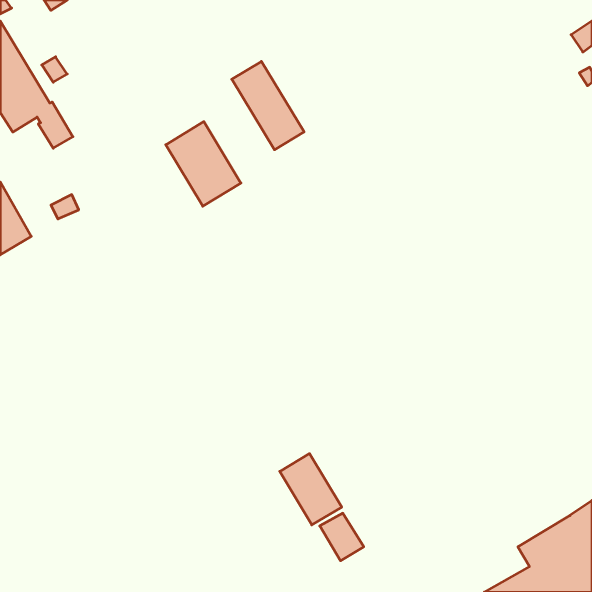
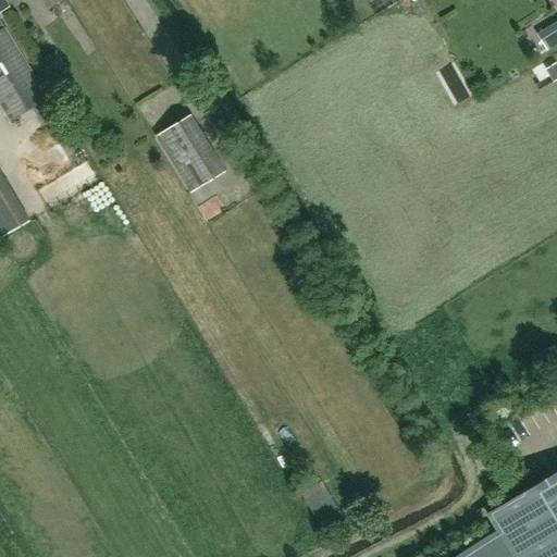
building: [232,61,304,150] -> none
building: [280,454,342,525] -> none

